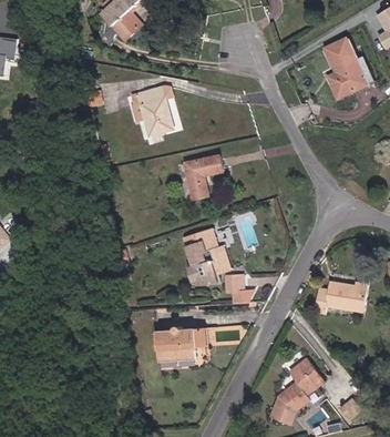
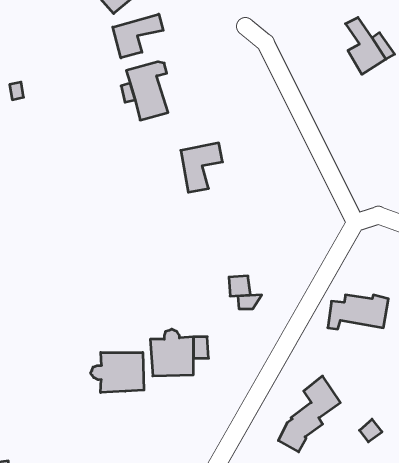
building: none -> [113,14,163,58]
building: [186,222,230,276] -> none
building: none -> [91,352,144,393]

